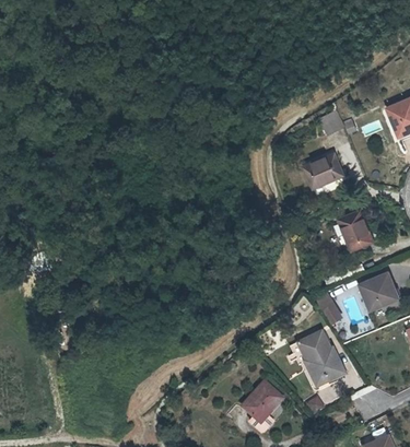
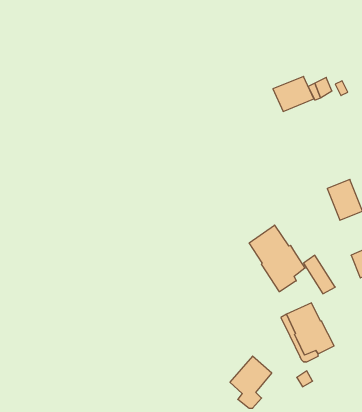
building: [301,155,340,189] -> [273,76,314,111]
building: none -> [249,225,305,292]

